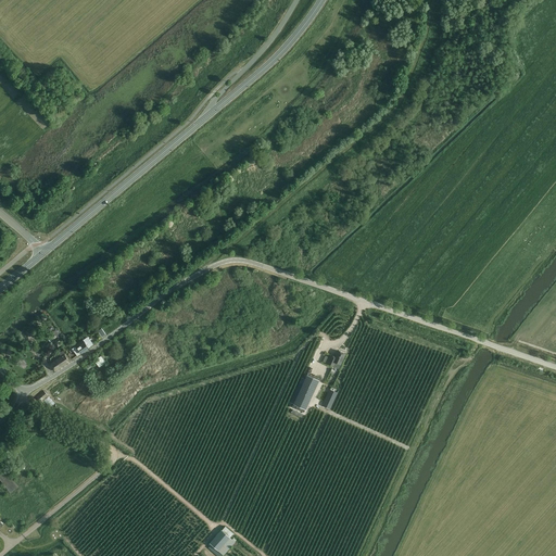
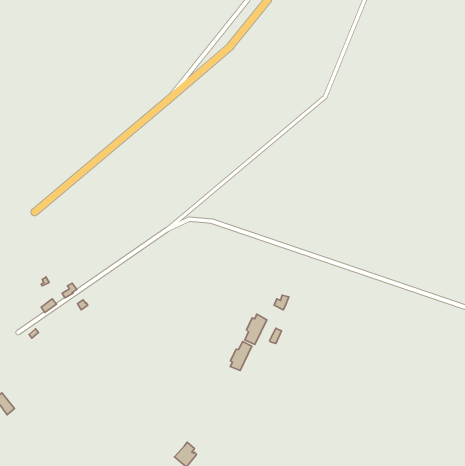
building: none -> [230,341,252,371]

